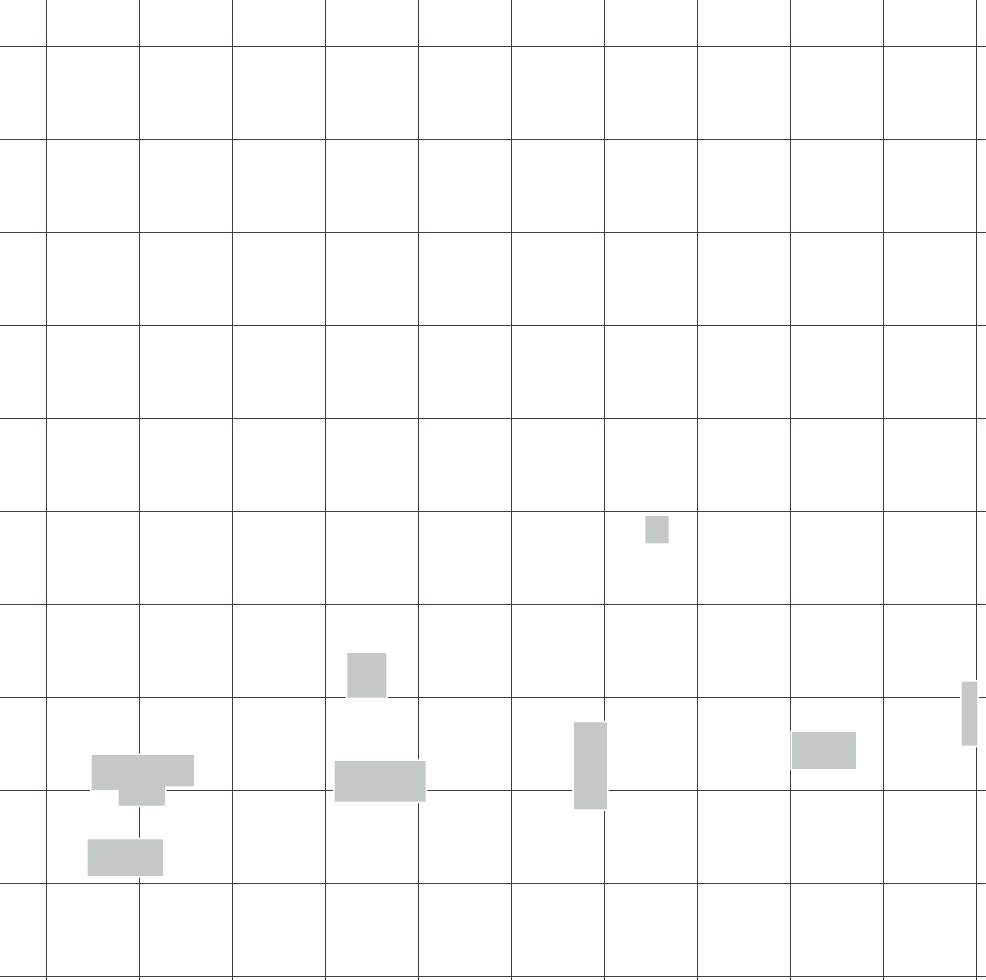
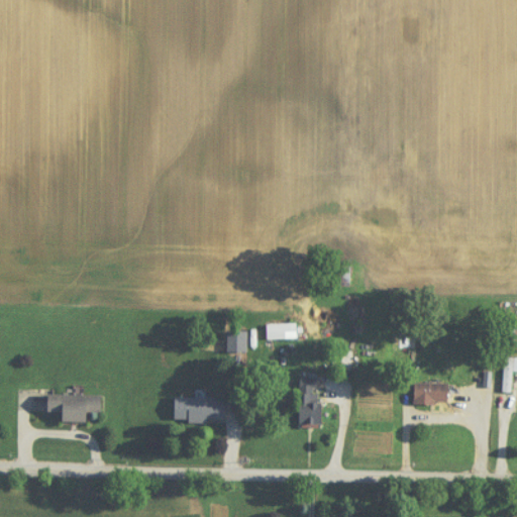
building: none -> [266,323,297,338]
building: [347,652,387,699] -> [226,330,247,354]
building: [87,838,164,877] -> none

